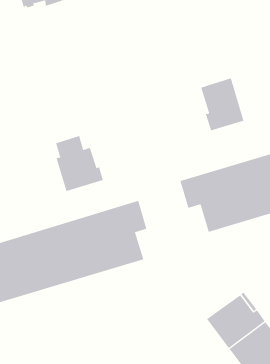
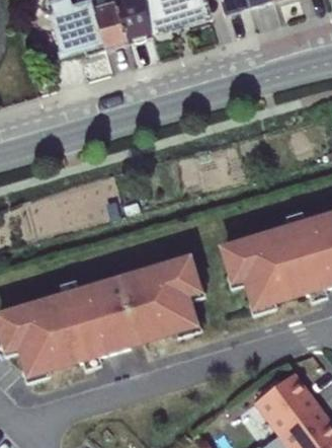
building: [201,77,244,131] -> none
building: [56,135,104,192] -> none

